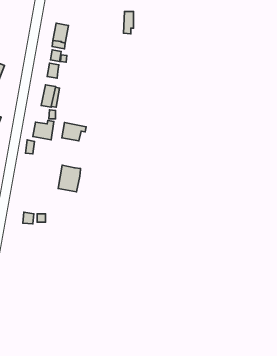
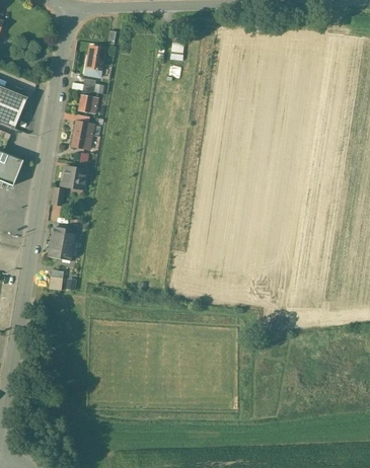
building: [62,122,86,141] -> none
building: [58,165,81,192] -> [48,227,75,259]

